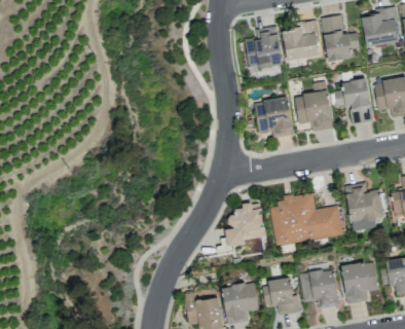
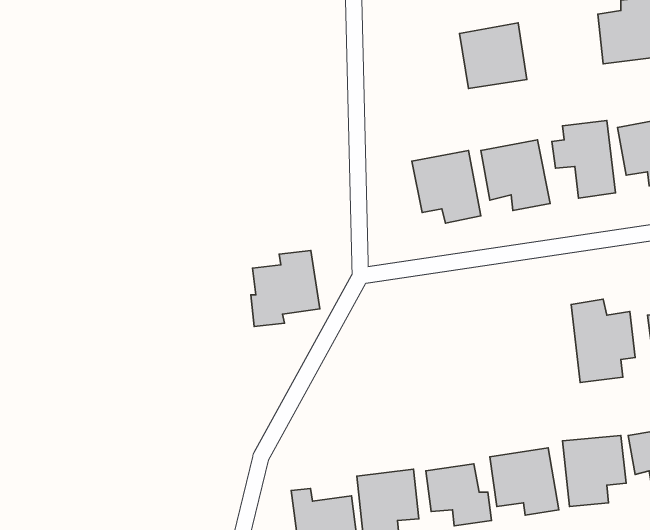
building: [322,15,360,62] -> none
building: [244,26,283,69] -> none
building: [270,192,343,246] -> none
building: [225,203,265,247] -> [251,251,320,327]

